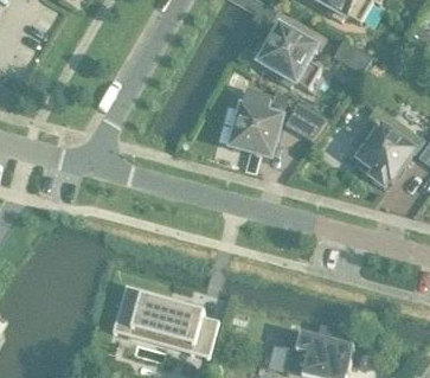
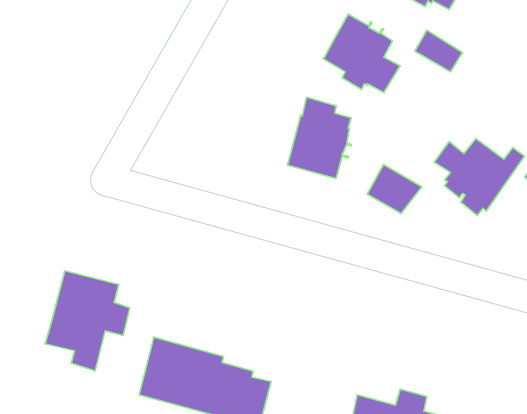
building: [284,100,328,139] -> [367,165,422,214]
building: none -> [45,271,130,371]

